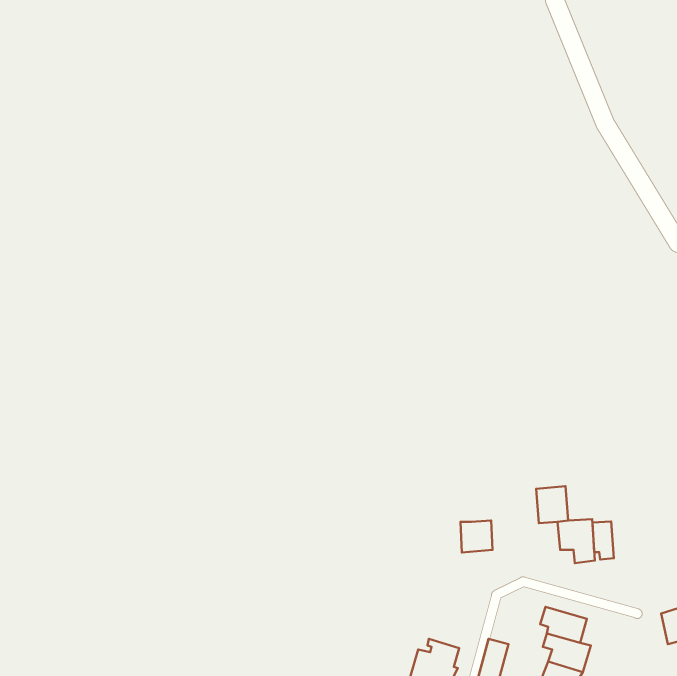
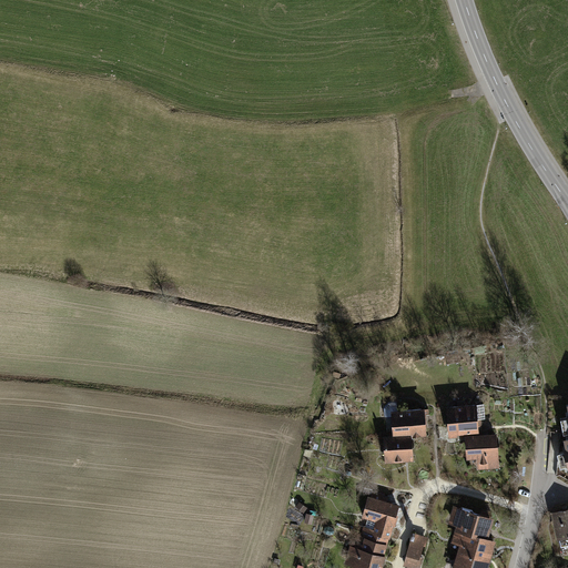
building: none -> [393,413,426,438]
building: [592,521,614,559] -> none
building: none -> [359,495,397,544]

